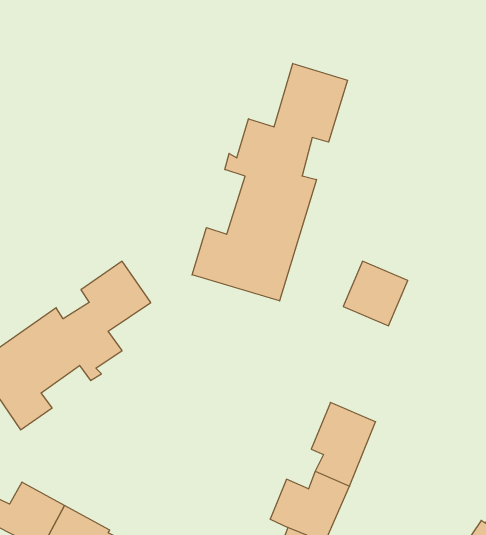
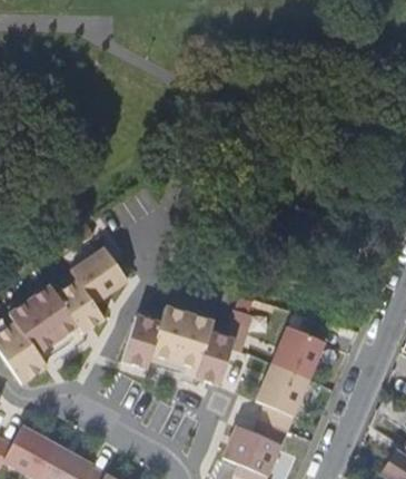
building: [192,63,348,301] -> none
building: [343,261,408,326] -> [273,324,325,377]
building: none -> [122,305,252,383]

